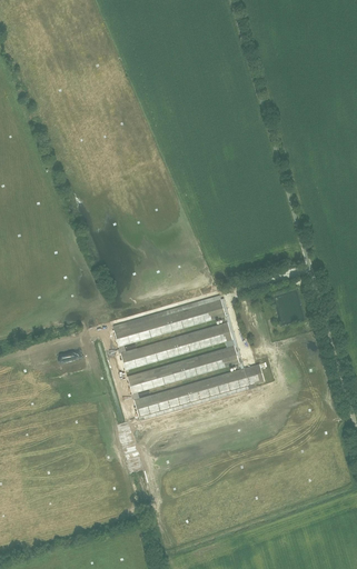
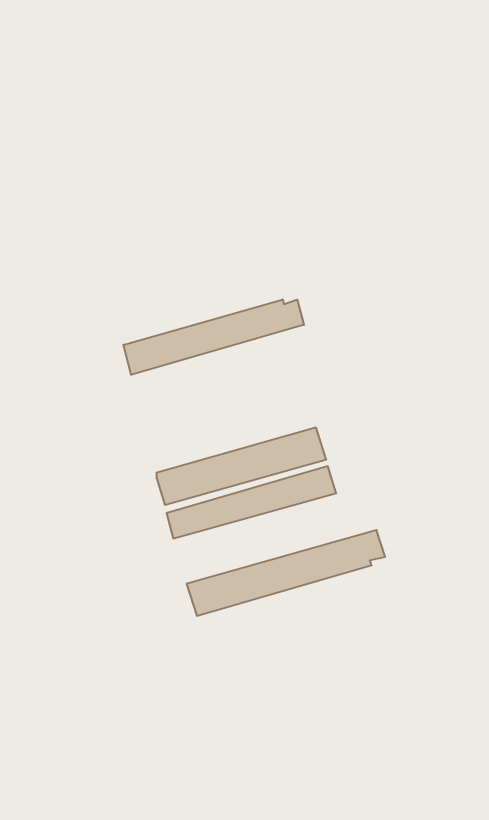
building: none -> [123,299,304,375]
building: [127,342,239,392] -> none

